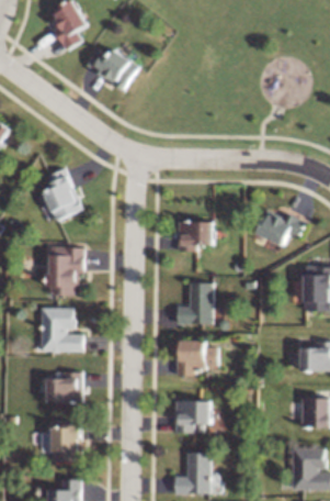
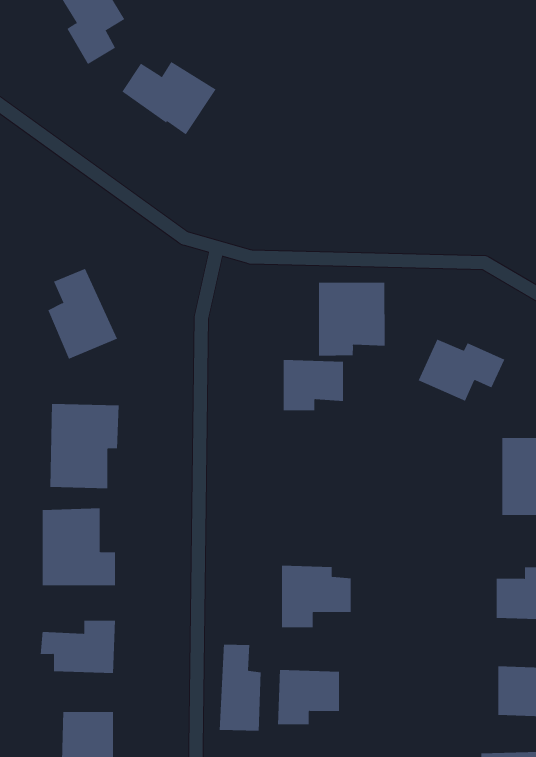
building: none -> [318,282,385,356]
building: [177,281,213,324] -> none
building: none -> [219,644,261,732]

